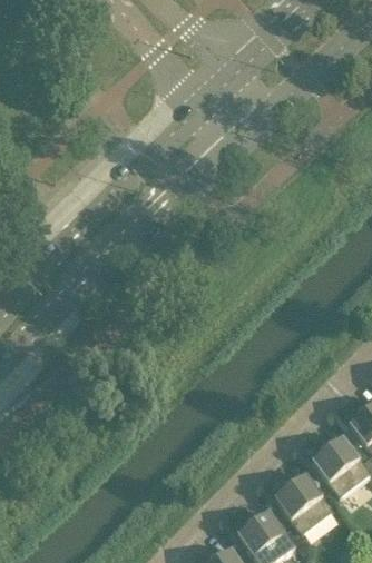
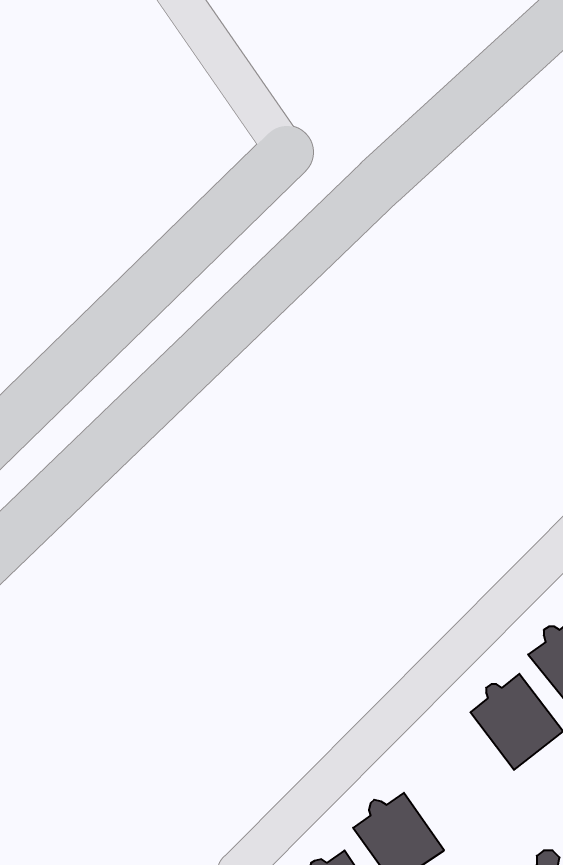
building: [275,472,333,532] -> none

